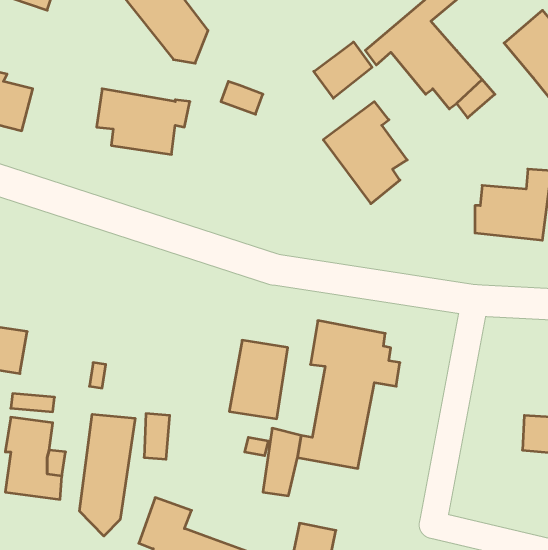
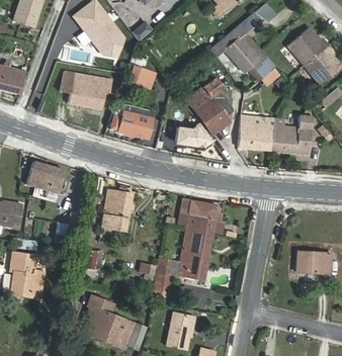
building: [314,42,372,98] -> none
building: none -> [109,103,154,140]
building: none -> [238,114,274,150]
building: none -> [175,122,212,147]
building: none -> [26,161,65,193]
building: [229,340,288,419] -> [100,189,133,233]
building: [80,414,135,536] -> none

